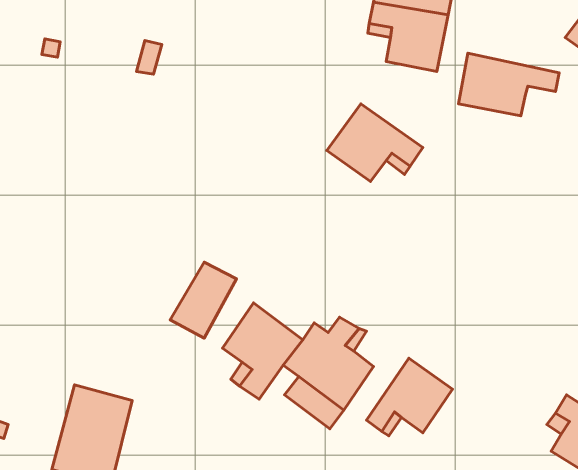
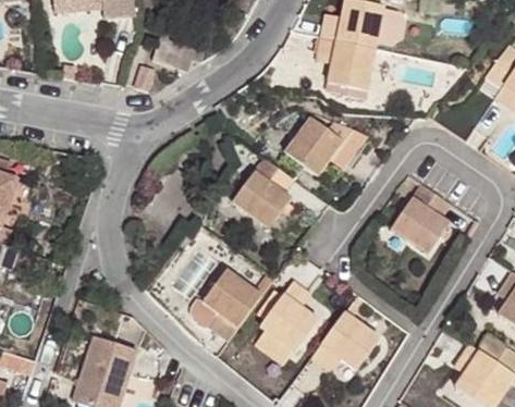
building: [458,53,559,116] -> none
building: none -> [231,159,292,231]
building: none -> [390,185,450,255]

